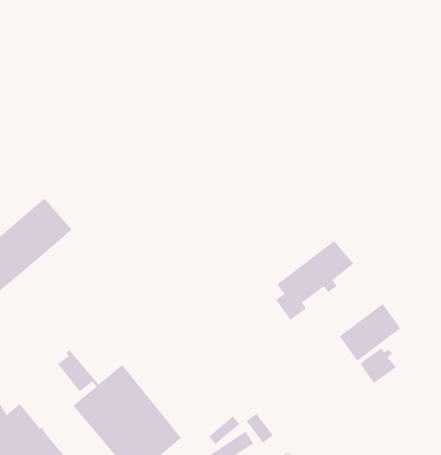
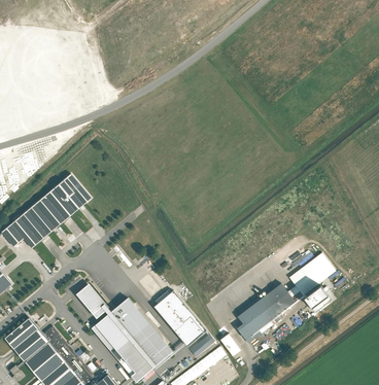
building: [275,240,354,321] -> [236,283,295,343]
building: none -> [153,290,207,347]

